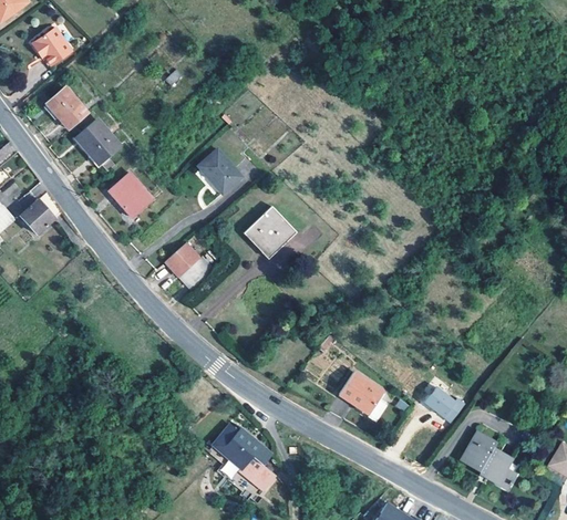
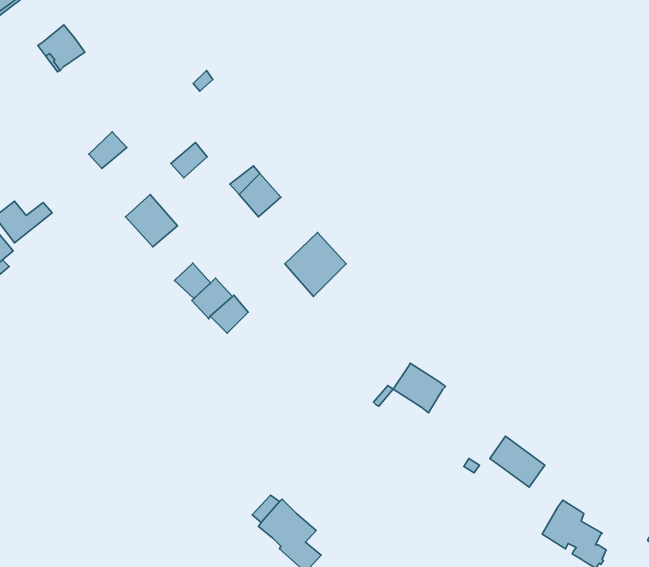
building: [47,87,87,131] -> none
building: [87,133,118,163] -> [171,143,207,178]
building: [20,190,61,233] -> none
building: none -> [175,263,210,299]
building: [339,372,383,414] -> [393,363,445,413]

